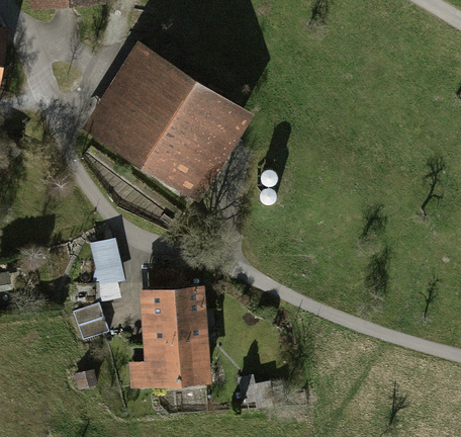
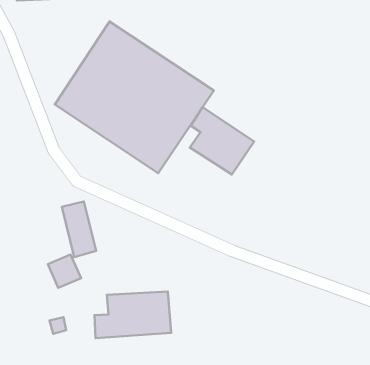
building: none -> [190,107,254,175]
building: [135,268,208,345] -> none

